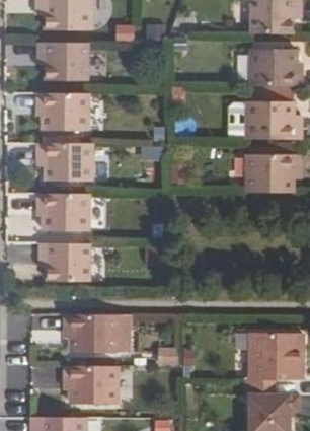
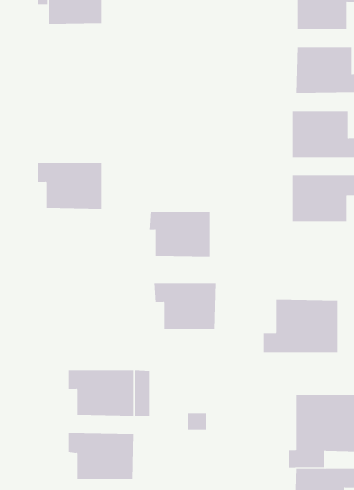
building: [35,43,86,81] -> none
building: [36,92,86,131] -> none
building: [36,194,87,231] -> [149,212,210,257]
building: [37,243,89,282] -> [154,283,216,330]
building: none -> [263,299,338,353]

